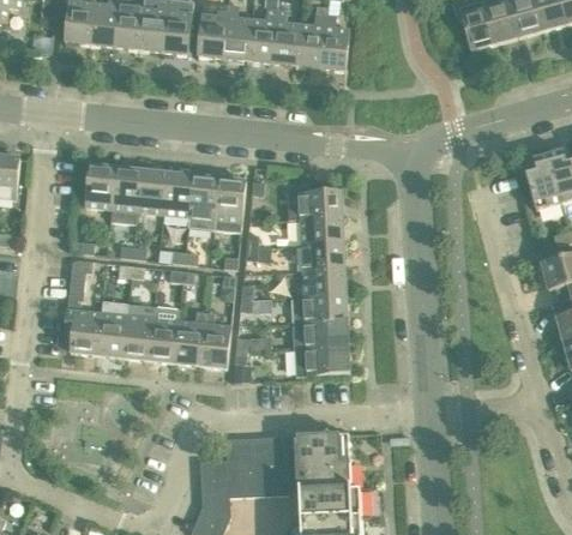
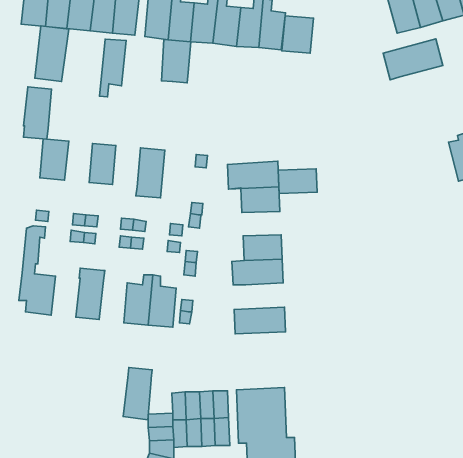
building: none -> [282,16,313,53]
building: none -> [35,26,69,81]
building: none -> [383,39,443,80]
building: none -> [99,39,126,97]
building: none -> [161,40,191,83]
building: [112,168,142,224] -> [24,87,51,139]
building: [163,173,193,217] -> none
building: [215,178,246,232] -> none
building: [302,244,344,270] -> [278,169,317,193]
building: [97,301,128,357] -> none
building: [149,307,180,363] -> [123,367,152,420]
building: [293,320,348,349] -> none

